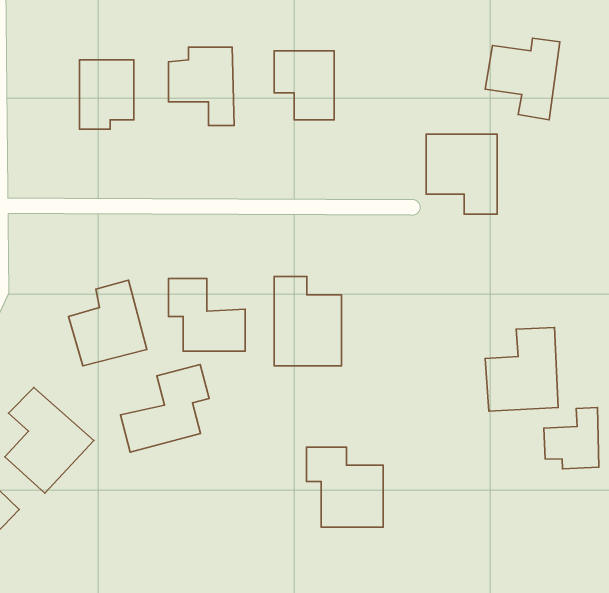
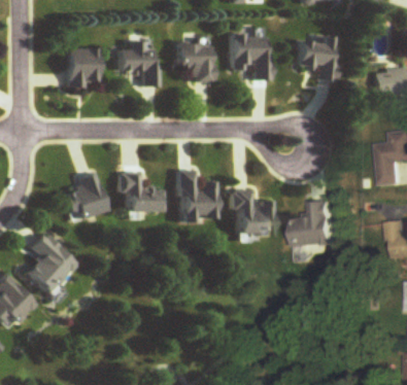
building: [426,134,497,214] -> [228,34,268,79]
building: [120,365,209,452] -> none
building: [544,407,599,469] -> none
building: [307,447,383,527] -> [228,189,271,235]

